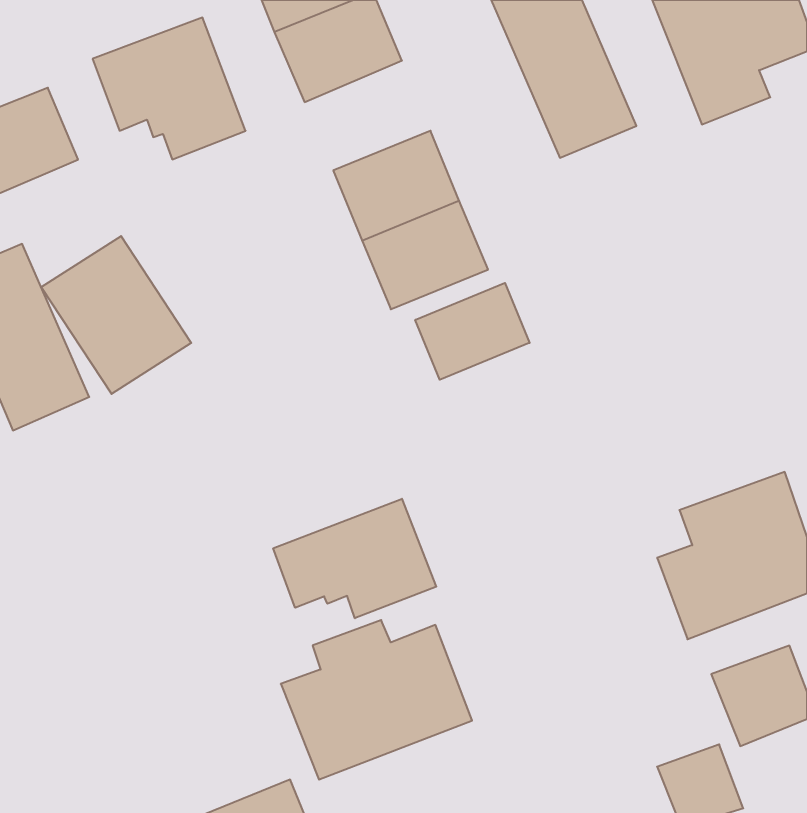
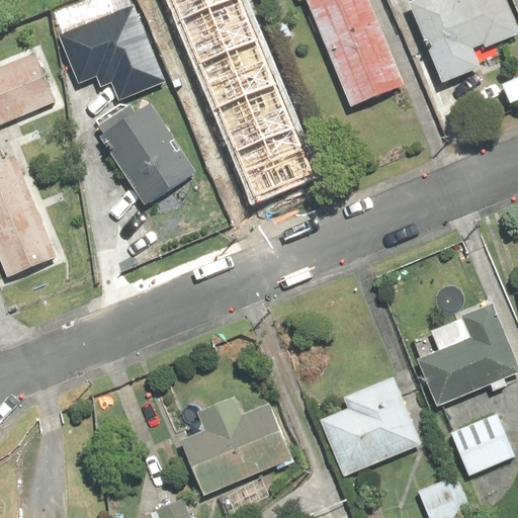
building: none -> [193,39,273,109]
building: [41,236,191,394] -> [105,104,200,204]
building: [415,283,530,380] -> none
building: [273,499,436,618] -> none
building: none -> [316,372,425,476]

